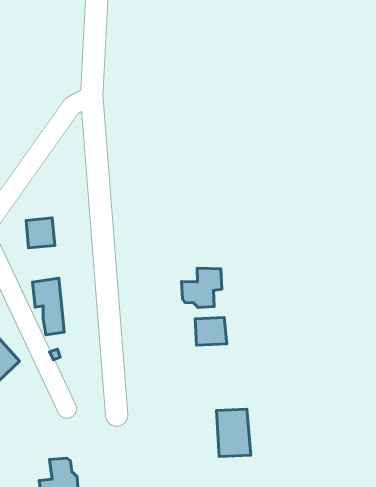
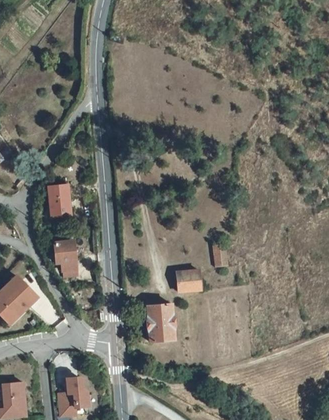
building: [182,268,222,308] -> none
building: [217,409,251,456] -> [147,303,173,339]

